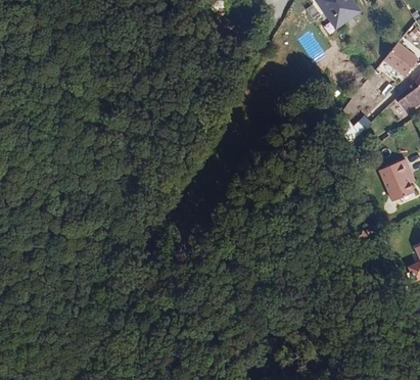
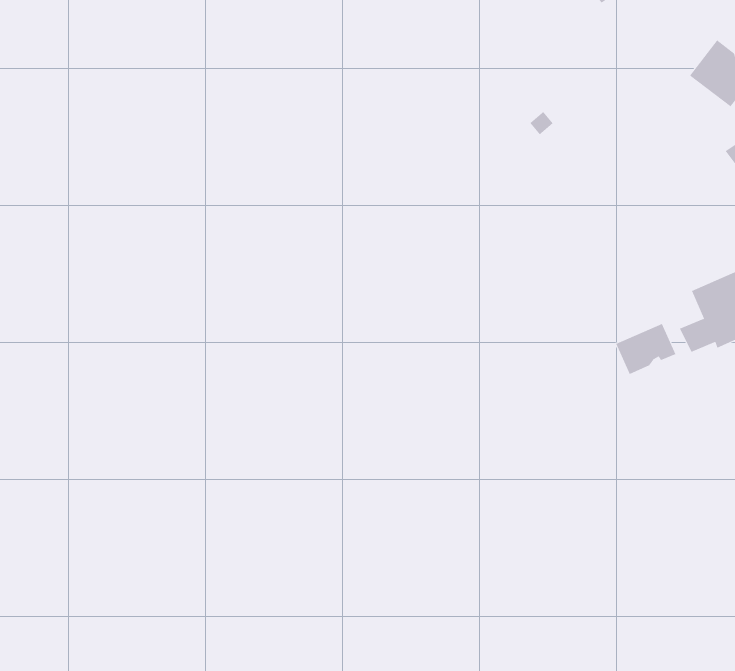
building: none -> [616,323,676,375]

